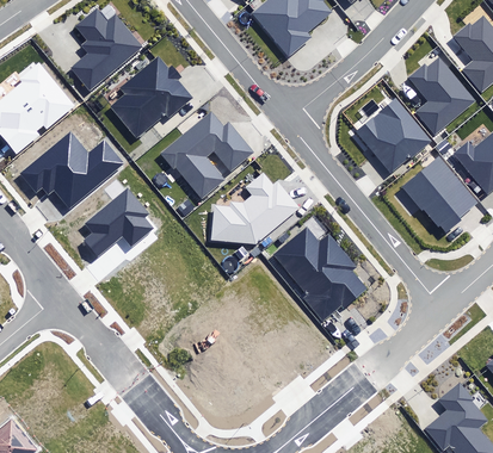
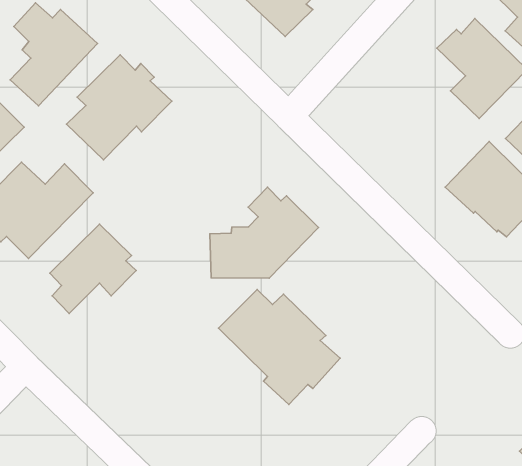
building: [355,99,431,174] -> none
building: [160,110,254,197] -> none
building: [275,226,368,319] -> [219,289,340,405]

